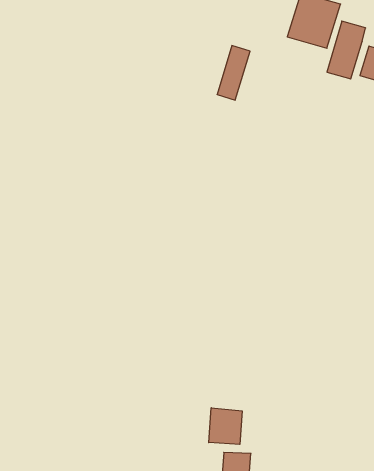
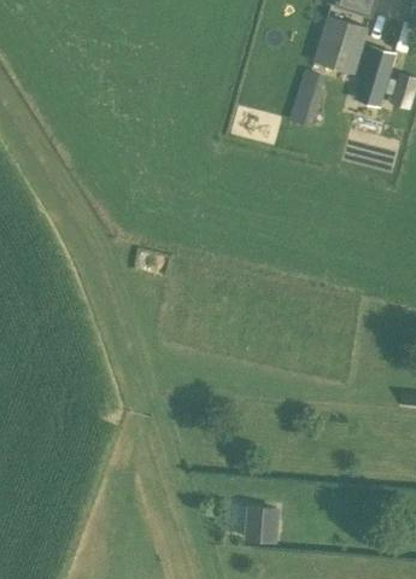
building: [217,46,250,100] -> [291,69,326,127]
building: [209,408,242,444] -> none

